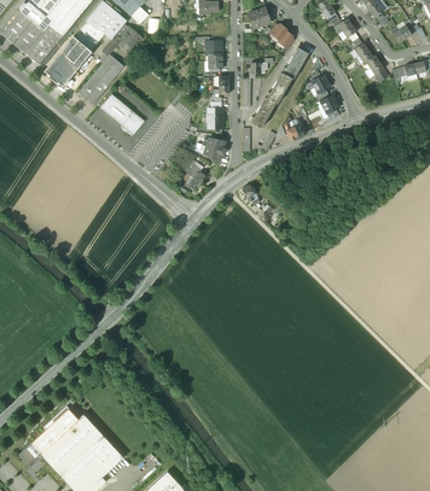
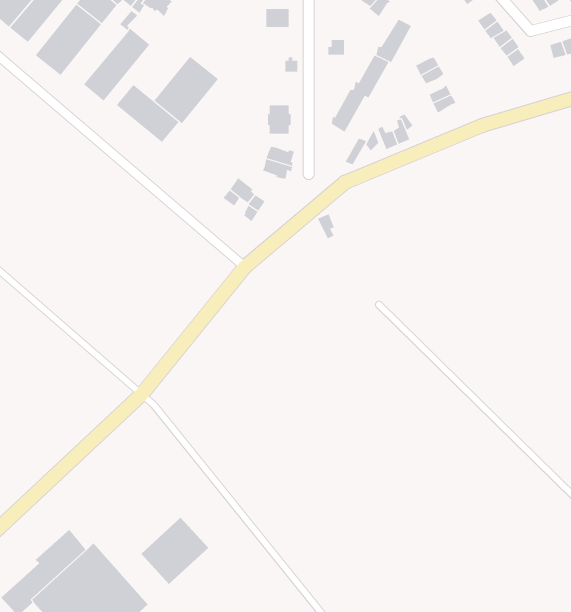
building: none -> [154,56,219,124]
building: none -> [140,517,209,585]

